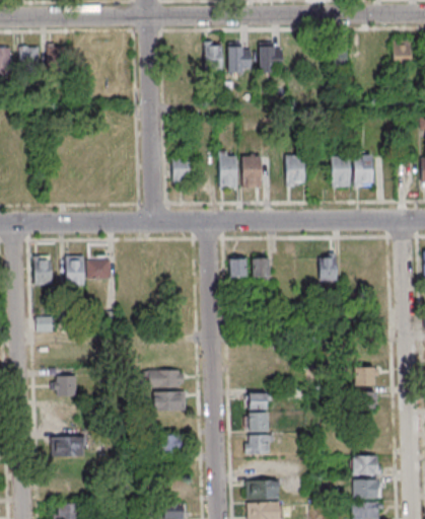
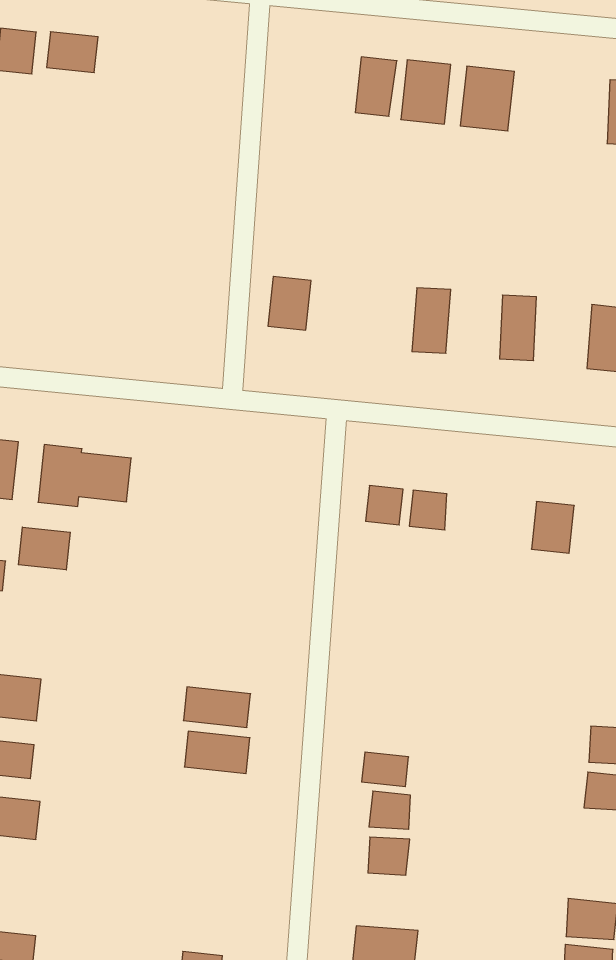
building: [221,155,239,189] -> none
building: none -> [18,527,70,570]
building: [157,435,183,456] -> none

